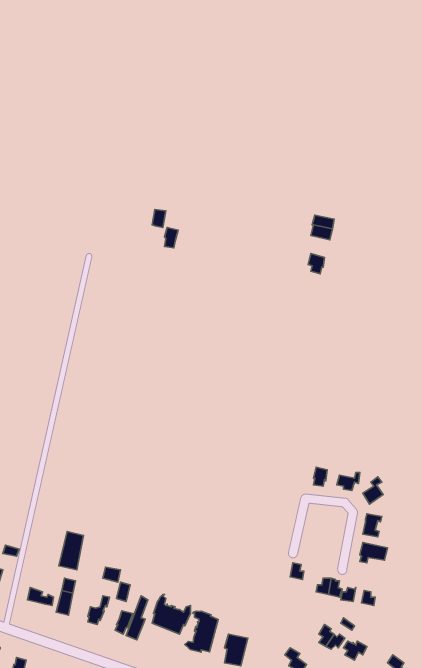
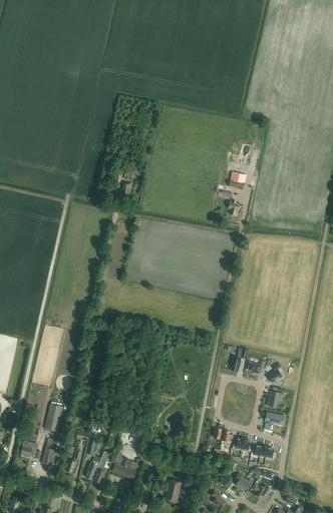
building: [185,611,218,652] -> none

